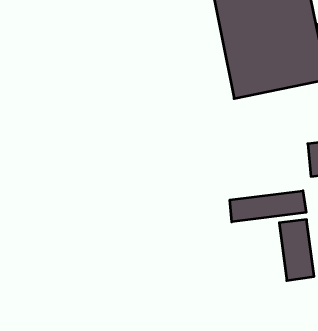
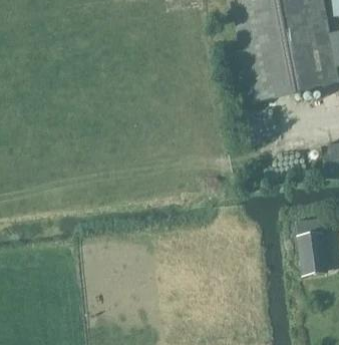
building: [230,191,306,222] -> none

